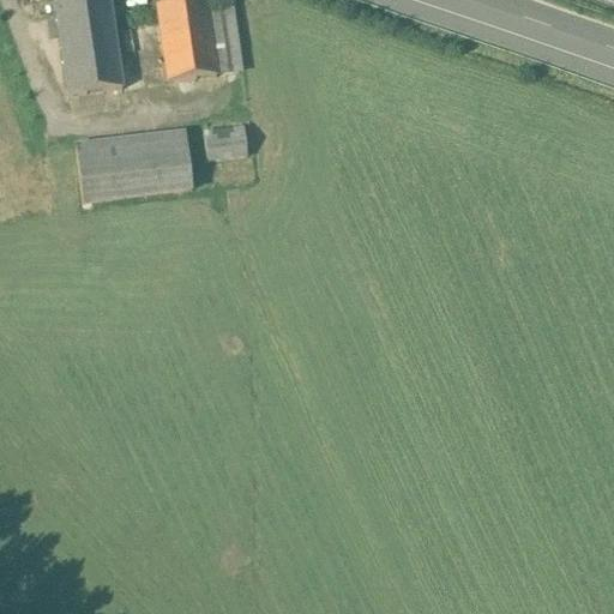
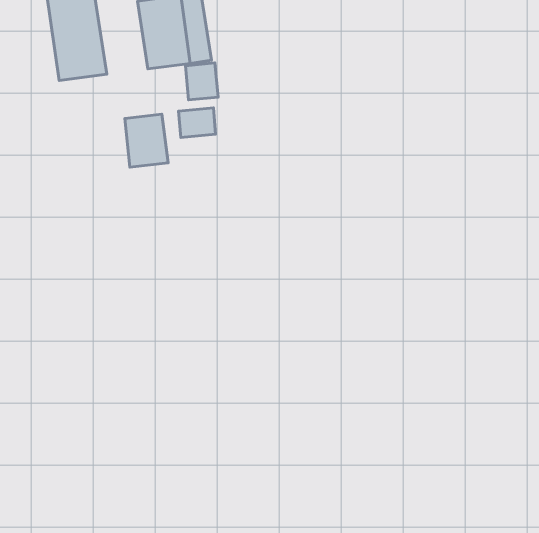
building: none -> [186,63,218,100]
building: [77,134,149,197] -> none

